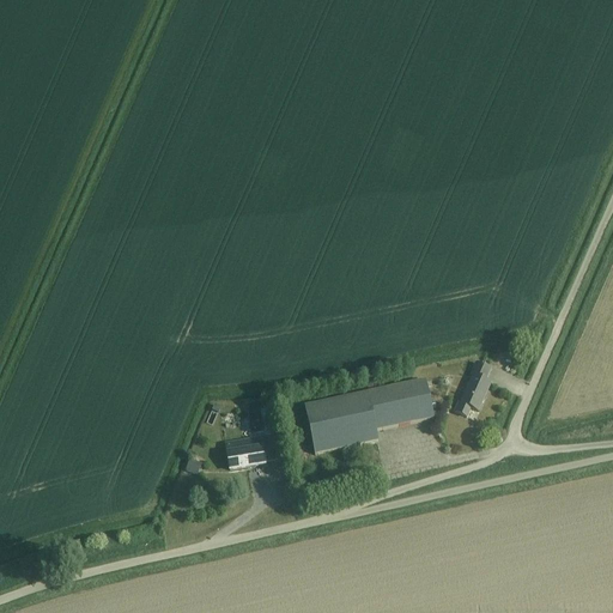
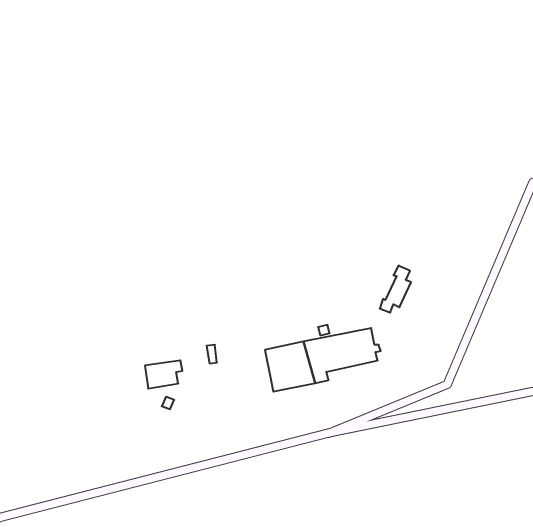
building: [455,359,491,413] -> [380,266,411,313]
building: [226,433,269,466] -> [145,360,182,389]

